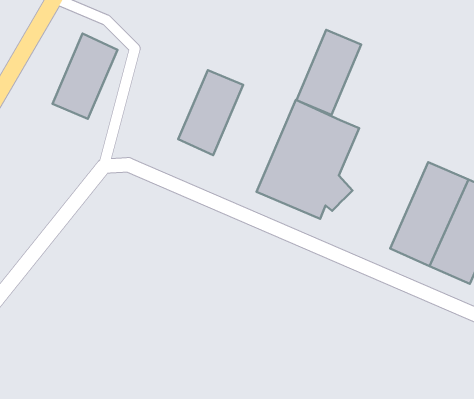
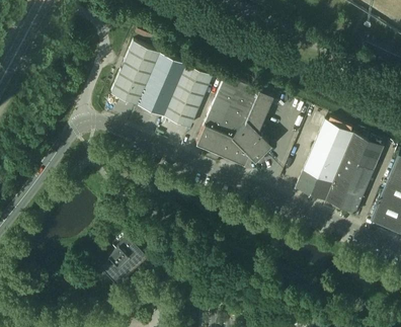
building: [296,30,361,115] -> [163,65,212,129]
building: [53,34,117,119] -> [110,42,159,105]
building: none -> [97,238,147,287]

